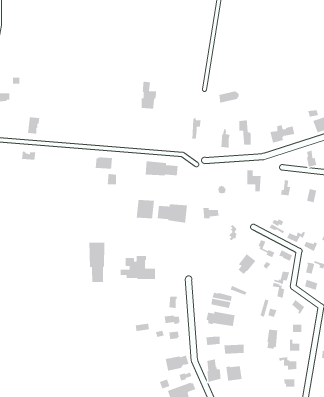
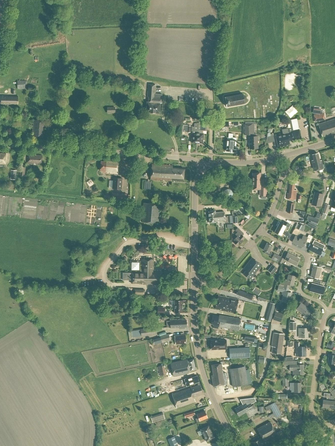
building: [157,203,188,223] -> none
building: [88,242,105,283] -> none

